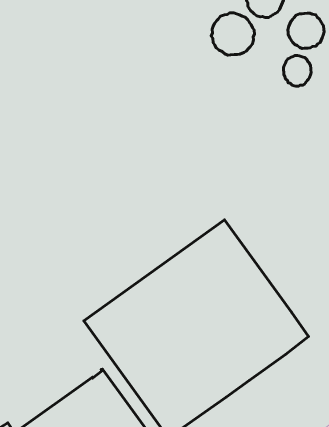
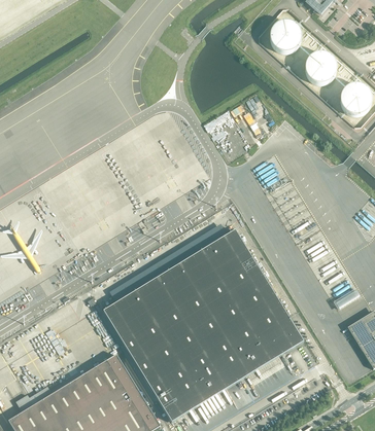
building: [211,13,254,55] -> none
building: [283,55,311,86] -> none

